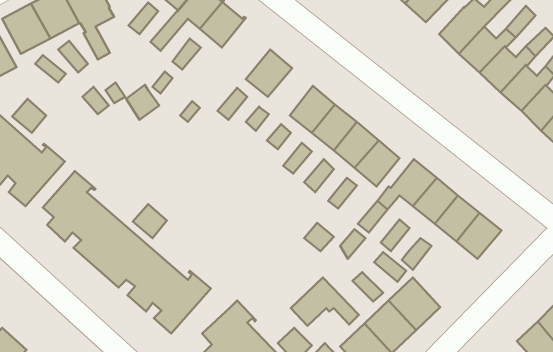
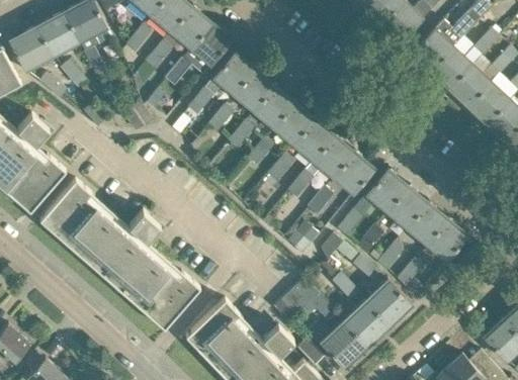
building: none -> [187,52,255,115]
building: none -> [253,85,294,128]
building: none -> [397,258,424,297]

